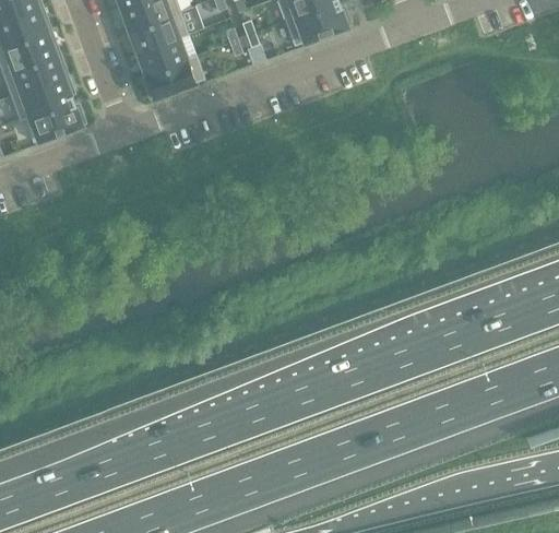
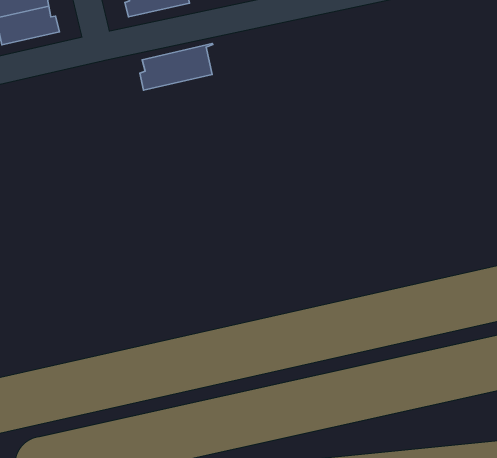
building: none -> [140,44,213,90]

